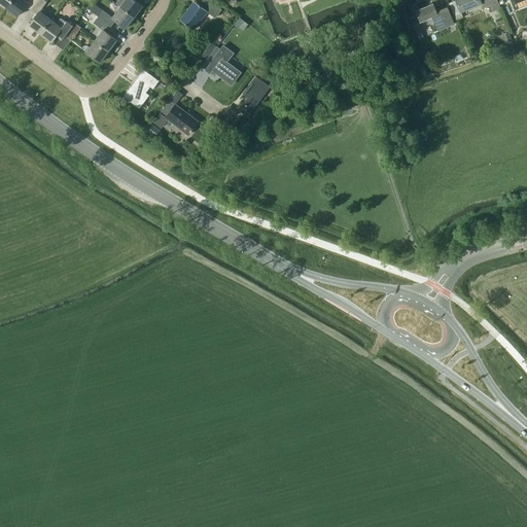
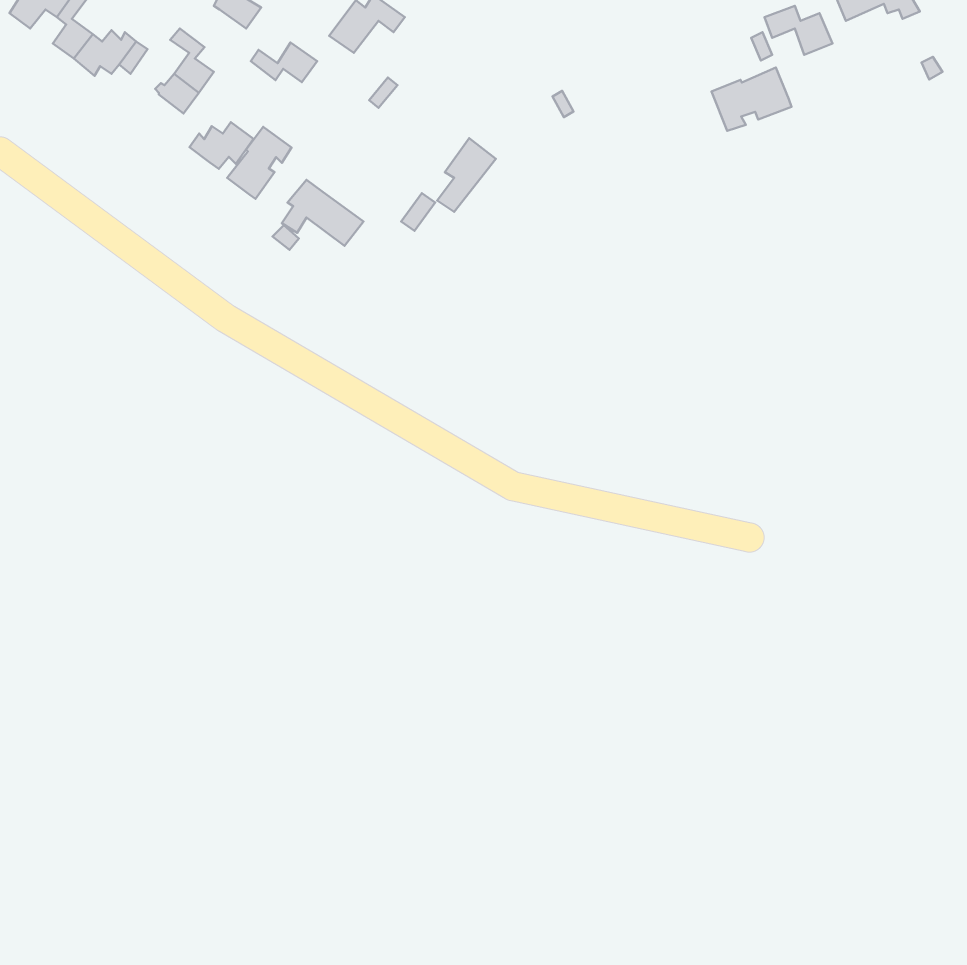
building: [98,5,134,27] -> [251,42,317,82]
building: none -> [712,68,791,131]
building: [205,45,240,83] -> none
building: none -> [190,122,253,169]

